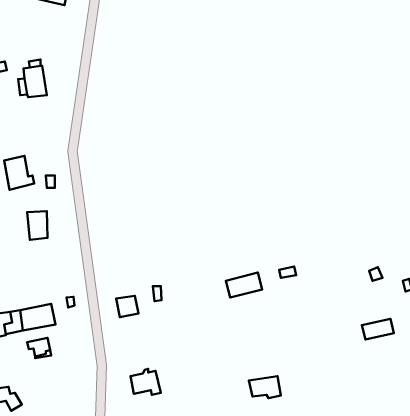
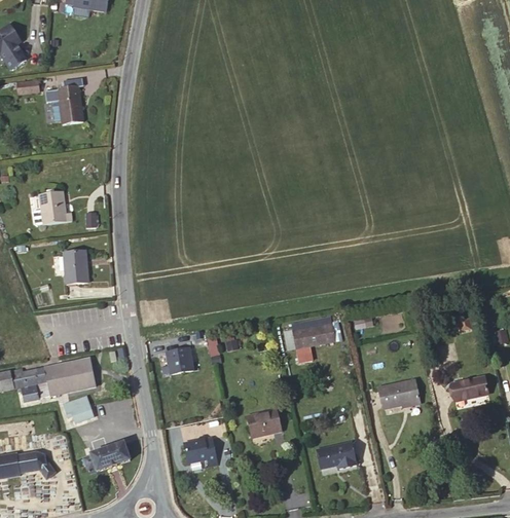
building: none -> [377,380,416,407]
building: none -> [248,412,281,439]
building: none -> [79,441,133,476]

